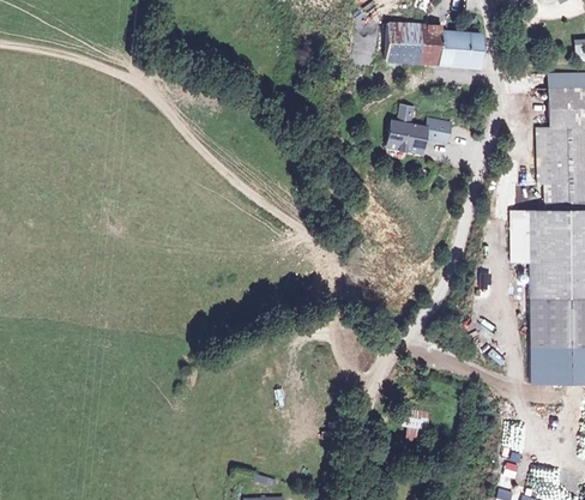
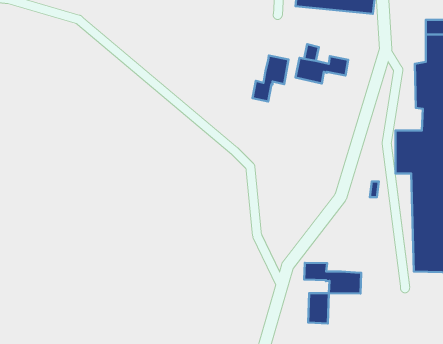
building: none -> [253,56,289,102]
building: none -> [304,263,361,294]

